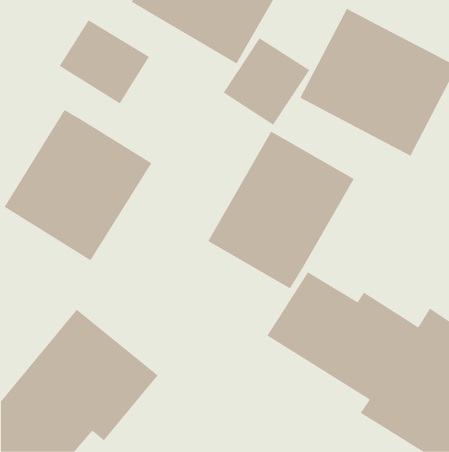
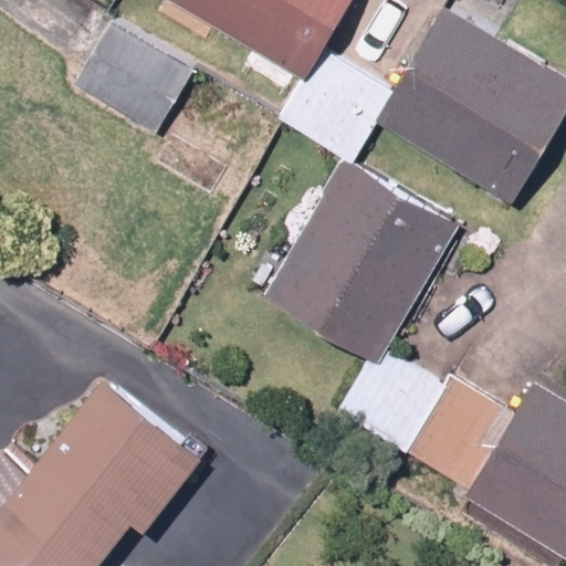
building: [4,109,152,261] -> none

